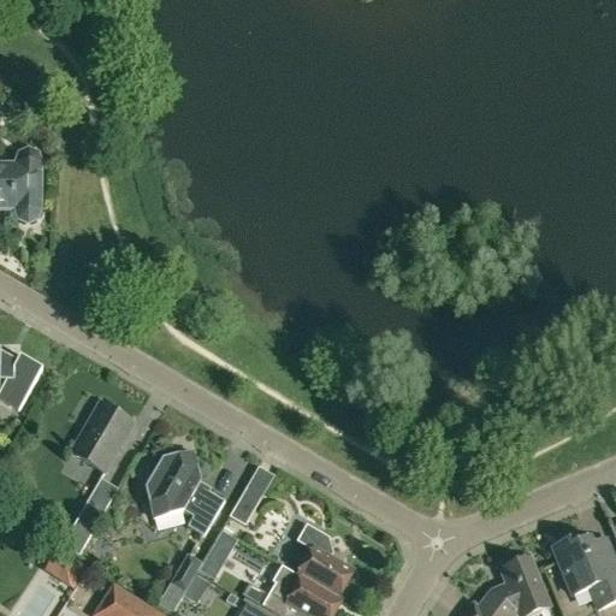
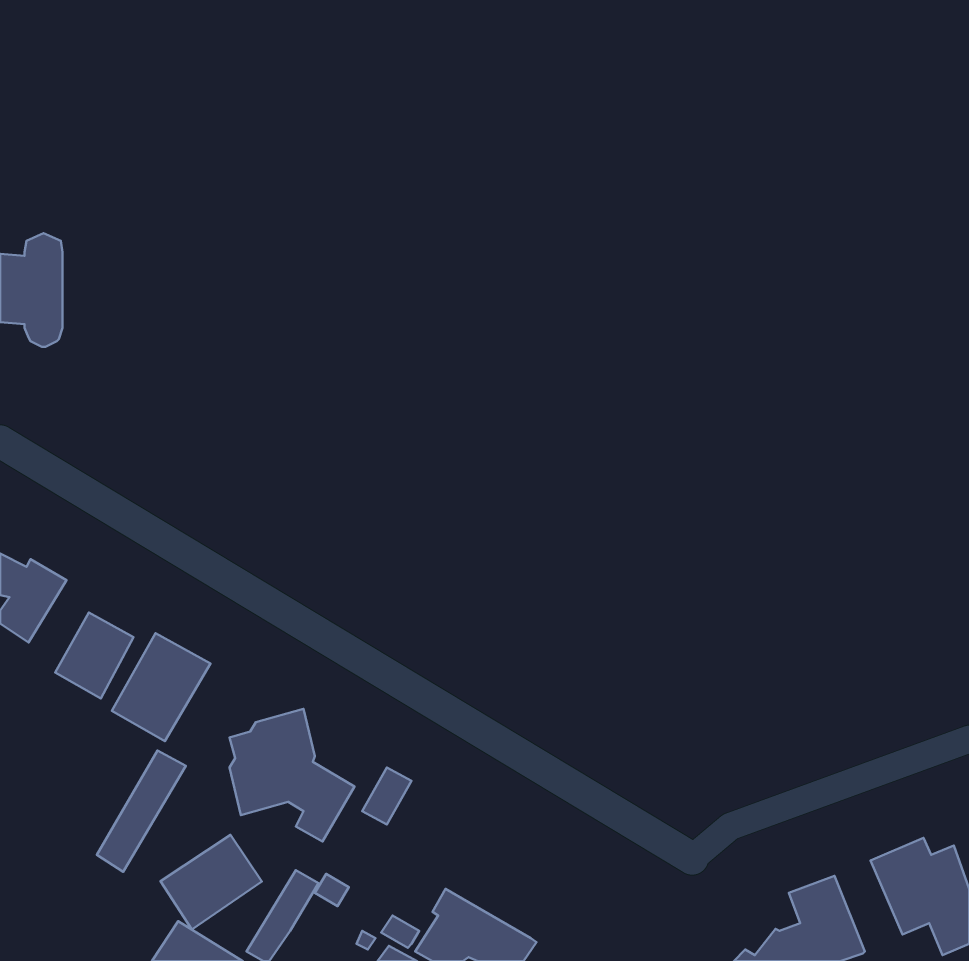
building: none -> [55,612,134,698]
building: [296,522,351,596] -> none
building: none -> [160,835,262,930]

